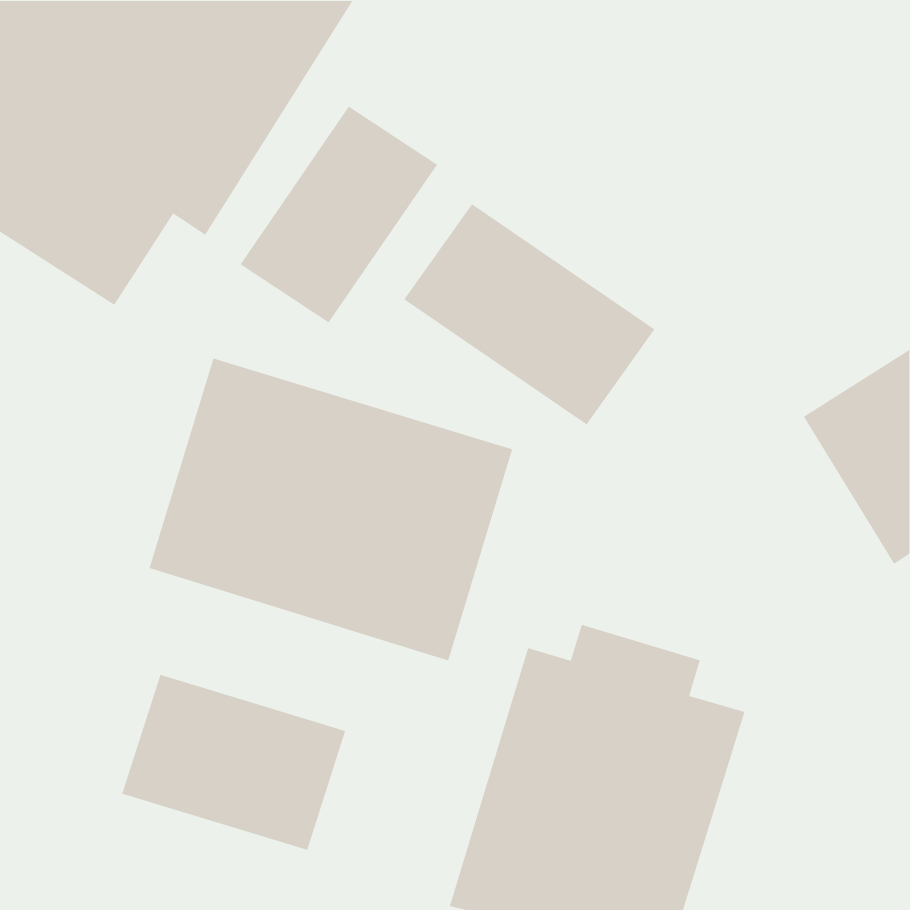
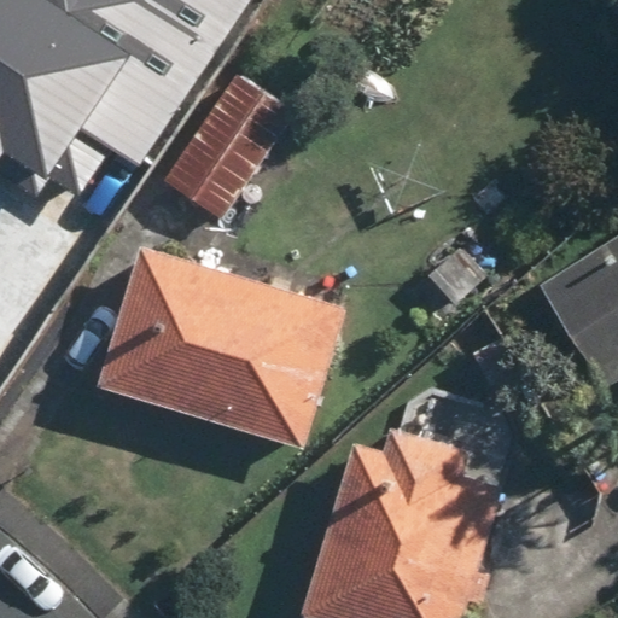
building: [403,203,655,425] -> none
building: [121,674,346,851] -> none

